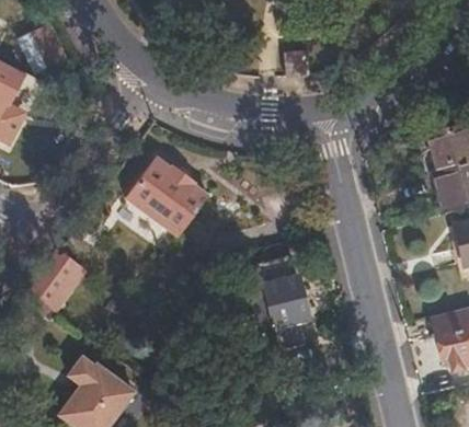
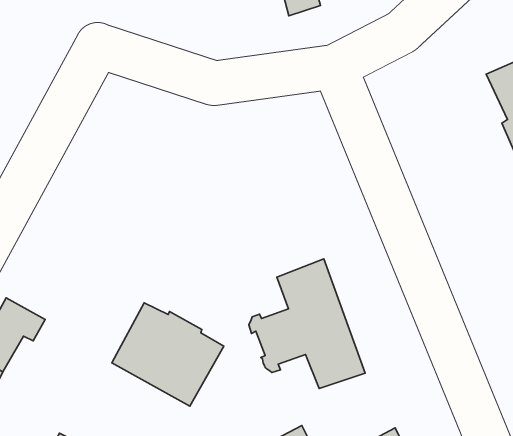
building: [126,157,209,236] -> [112,303,224,406]

